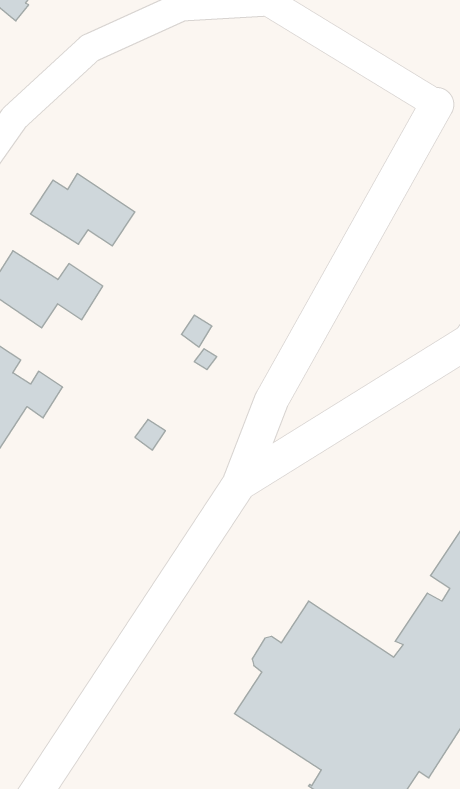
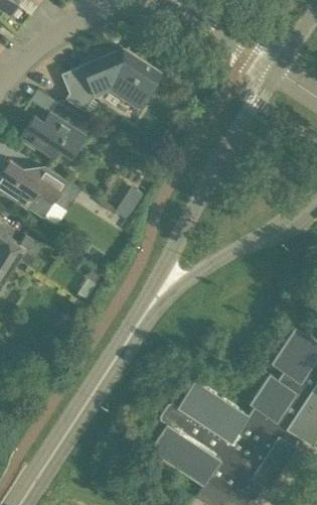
building: none -> [61,48,162,112]

